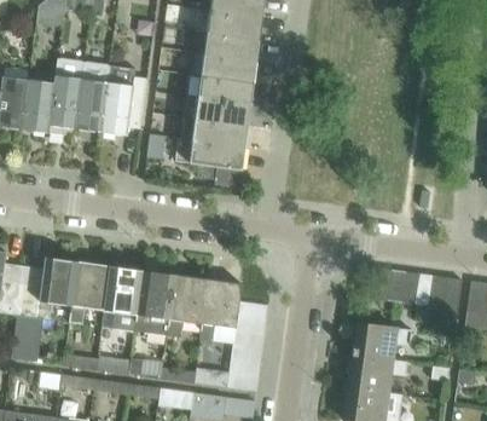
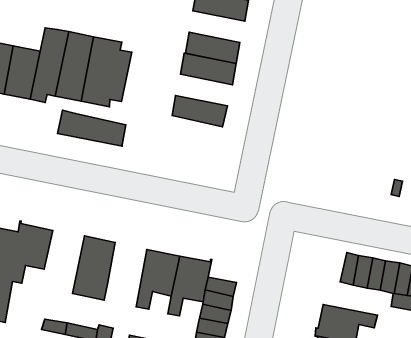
building: [203,31,259,60] -> none
building: [193,97,250,126] -> none
building: [174,137,243,169] -> [57,110,126,146]
building: [69,264,110,324] -> none
building: [134,272,174,336] -> none

